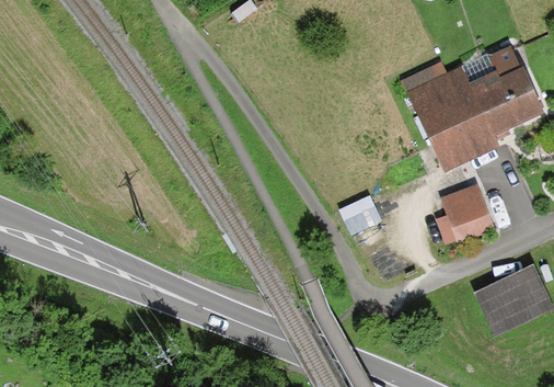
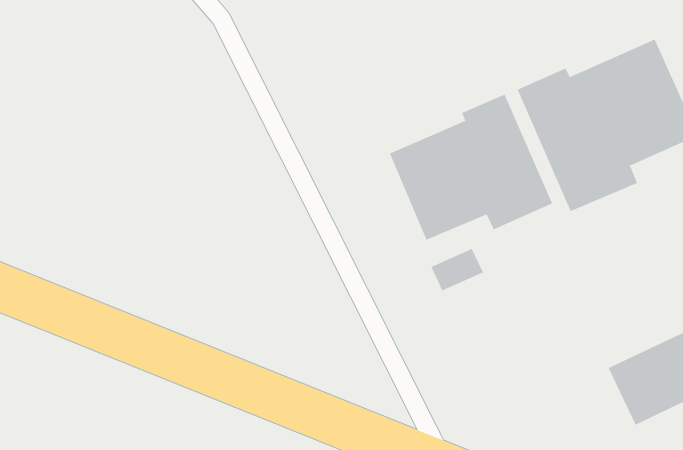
building: none -> [389,94,553,241]
building: [441,182,496,242] -> none

